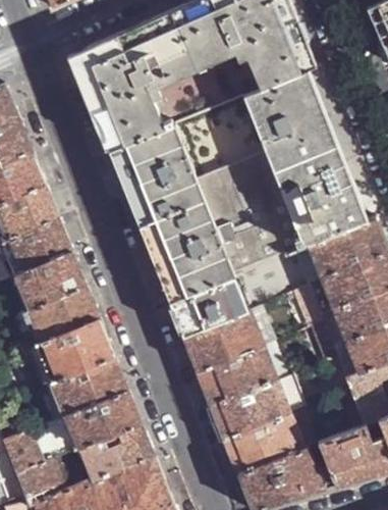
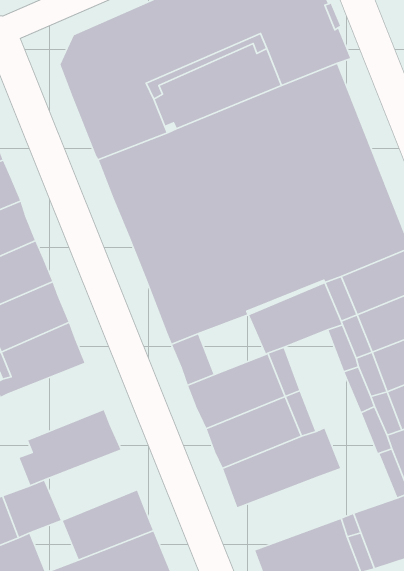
building: [191,279,246,328] -> none
building: [35,319,114,382] -> none
building: [65,391,142,449] -> none
building: [223,413,303,473] -> none

